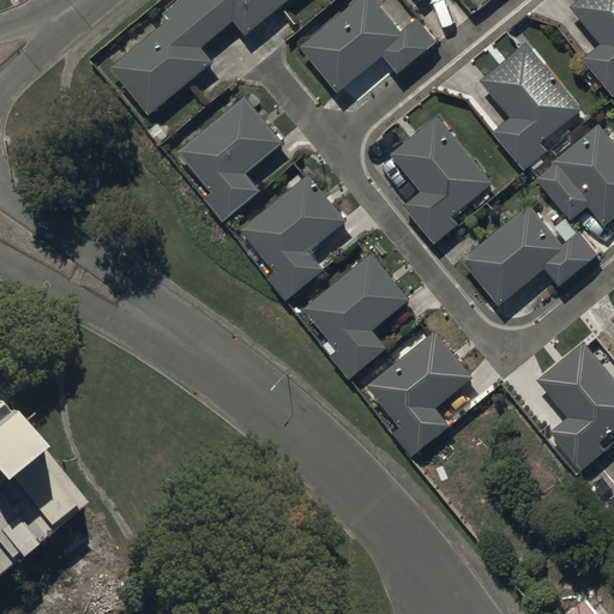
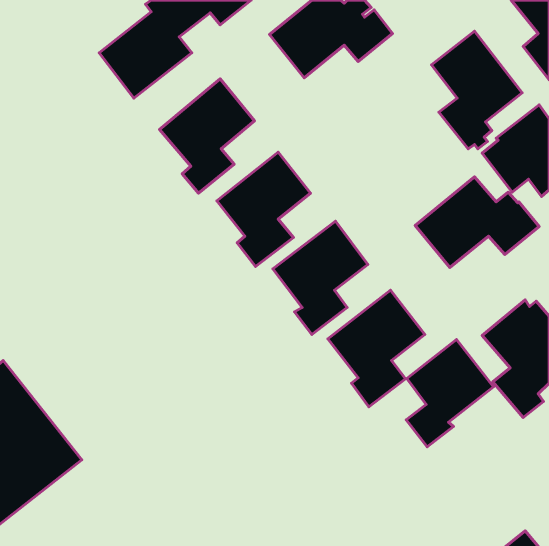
building: [390,114,493,246] -> none
building: none -> [406,339,493,447]

